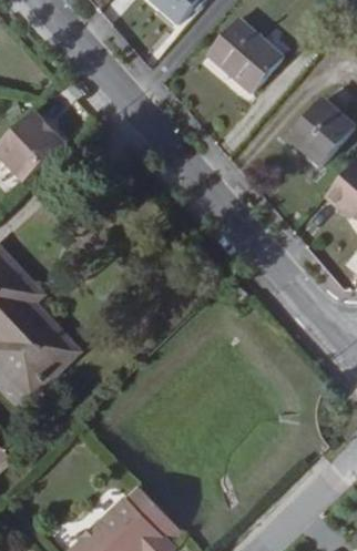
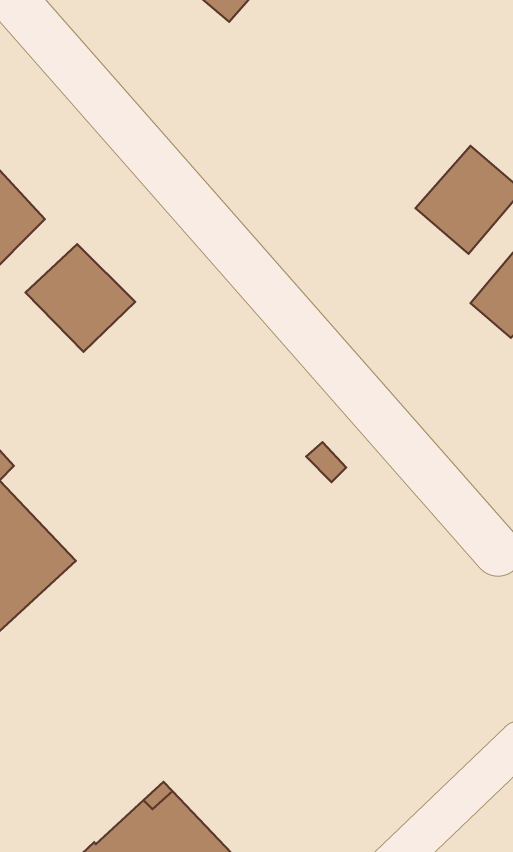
building: [206,20,284,94] -> none
building: none -> [25,244,135,352]

